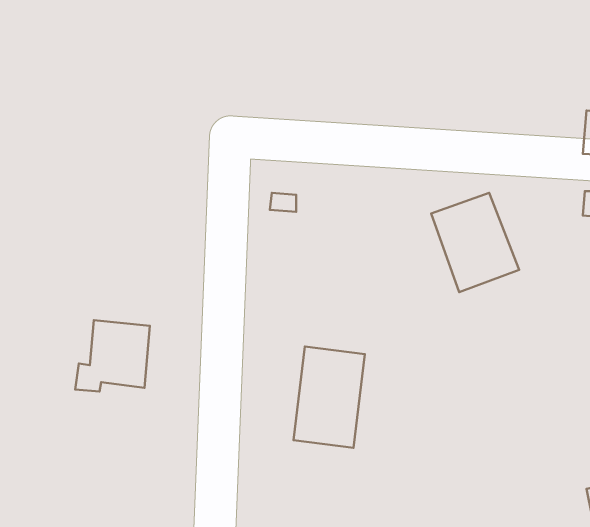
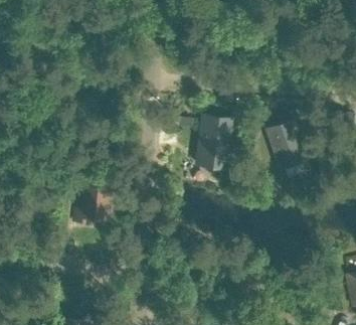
building: [294,347,365,448] -> [195,114,233,168]

